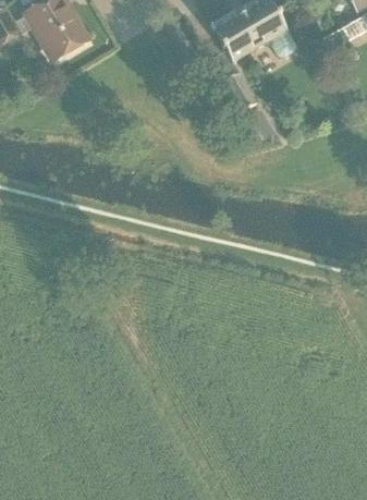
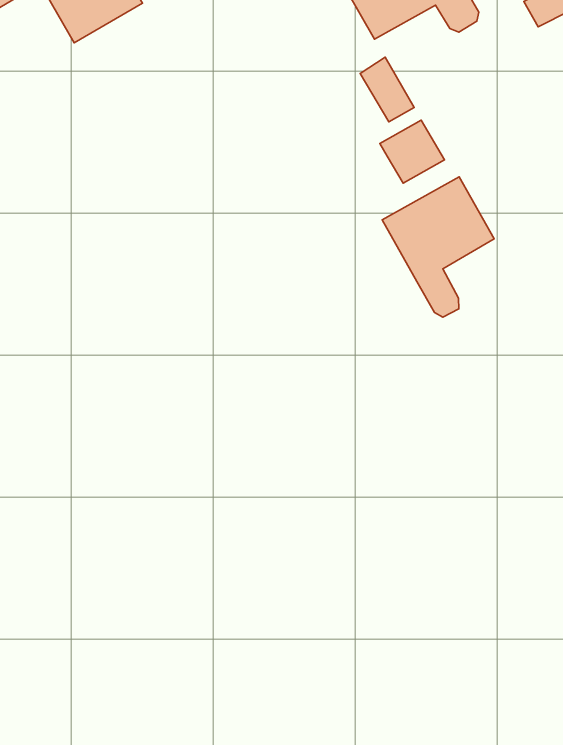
building: none -> [382,177,494,317]

